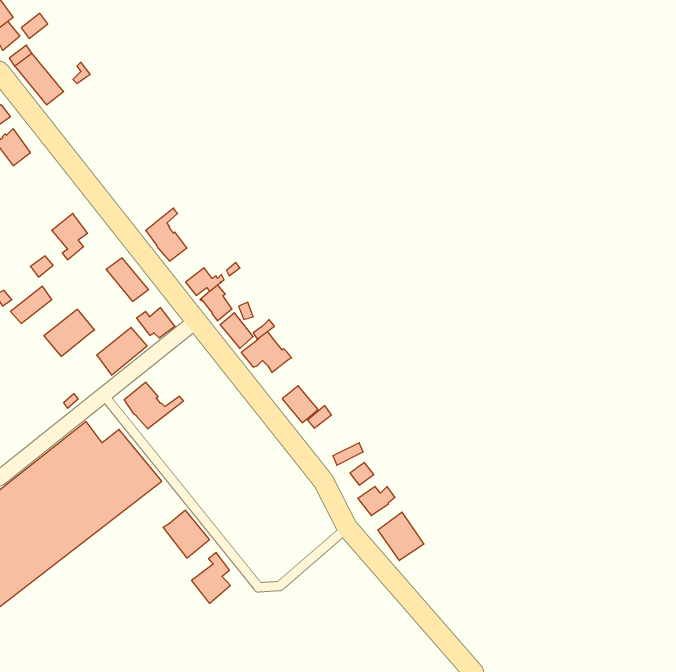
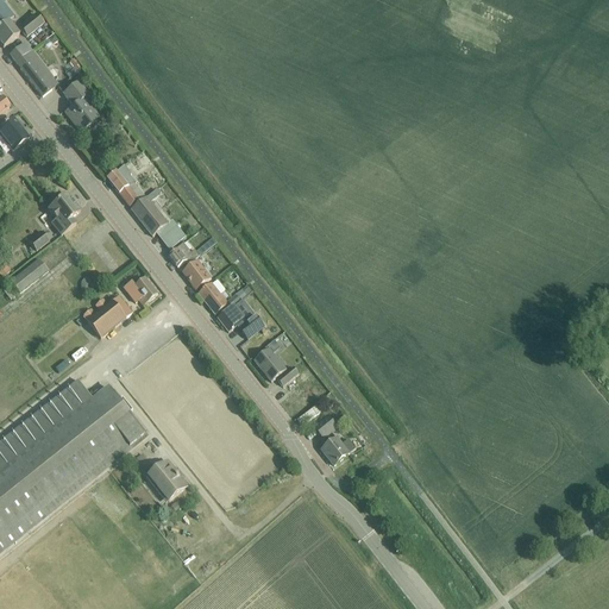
building: none -> [62,80,98,130]
building: [106,258,149,301] -> [106,165,144,205]
building: [44,309,95,356] -> none
building: [124,382,183,429] -> none
building: [378,512,424,561] -> none
building: [192,553,230,603] -> none

